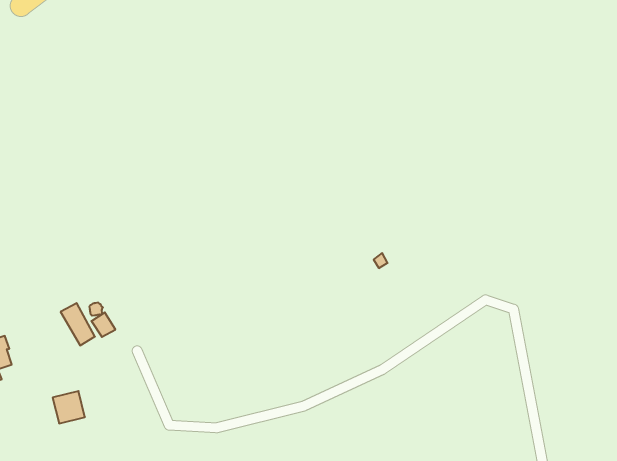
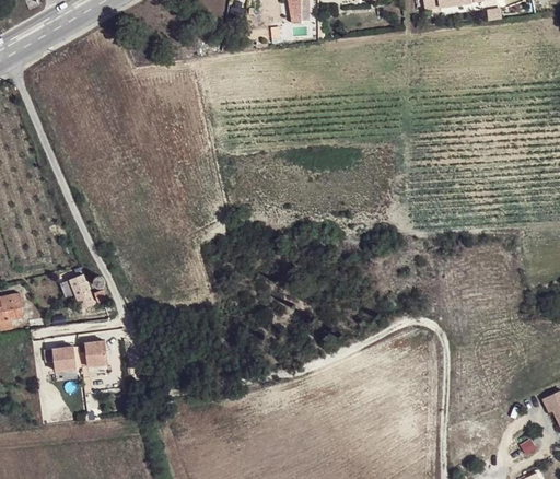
building: none -> [83,341,106,365]

